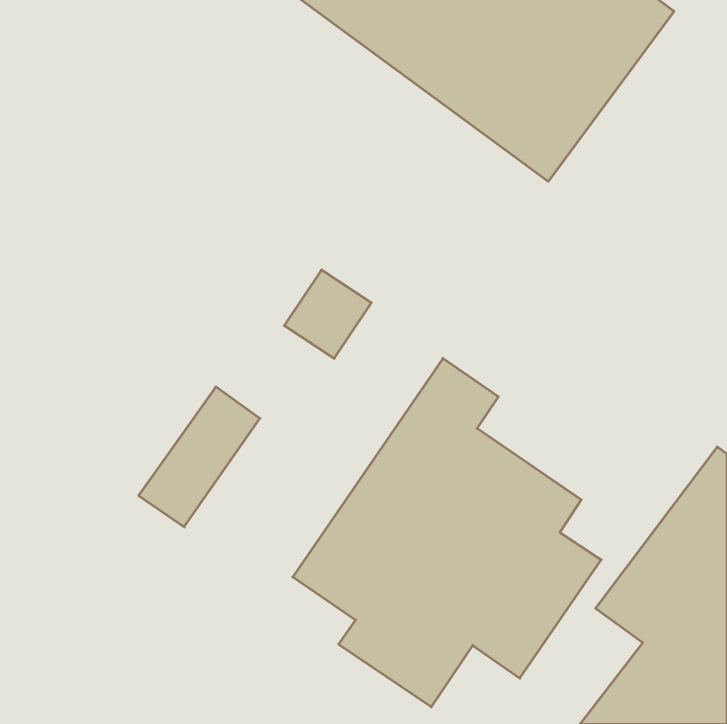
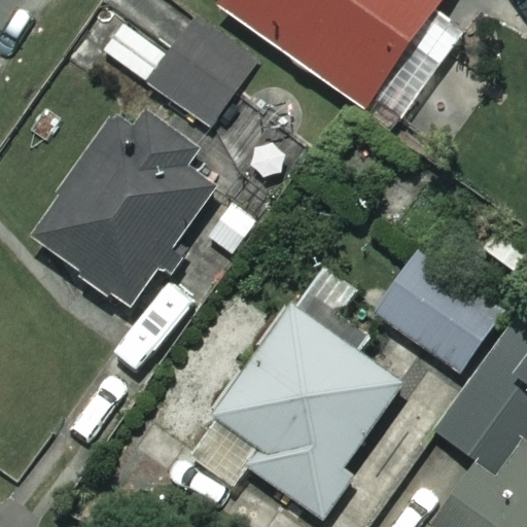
building: none -> [105,16,258,128]
building: none -> [31,101,217,307]
building: none -> [377,264,492,371]

